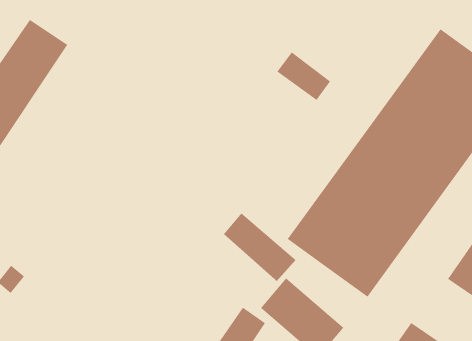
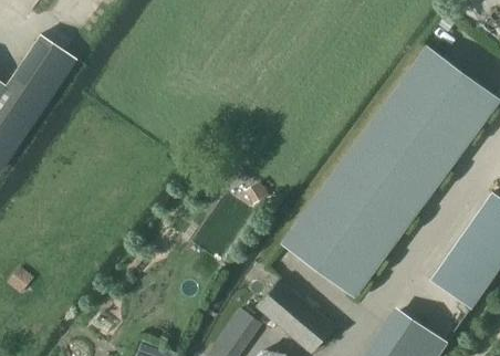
building: [277,52,331,101] -> none
building: [223,212,296,282] -> none

